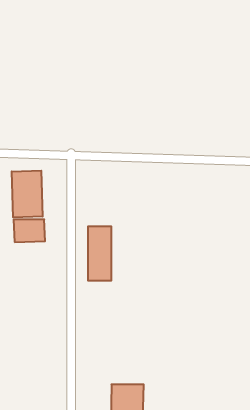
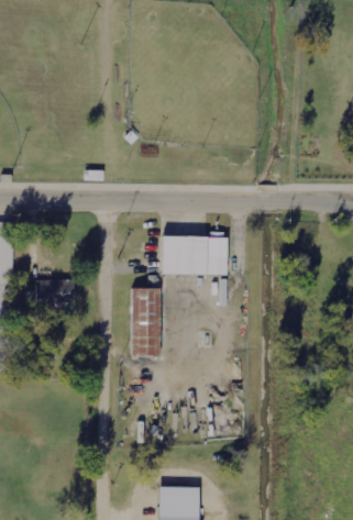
building: [12,171,43,217] -> none
building: none -> [163,235,228,276]

